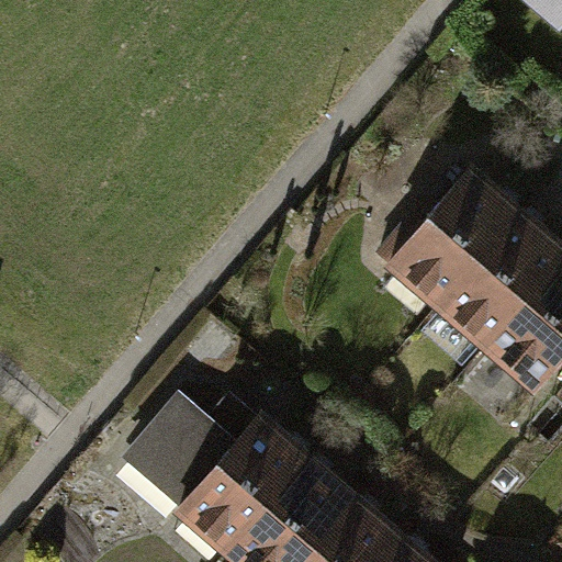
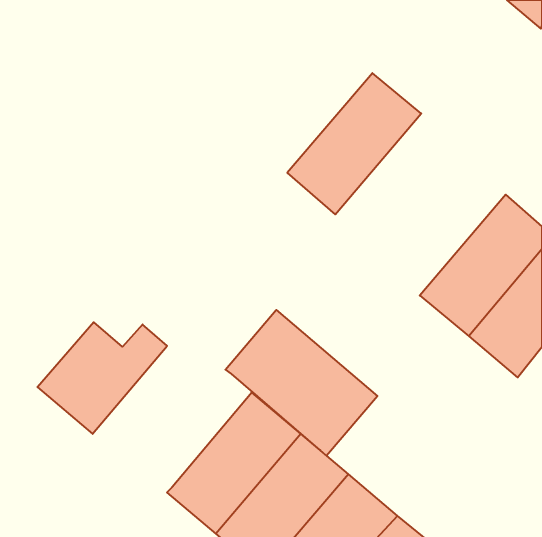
building: [384,166,522,312] -> [287,73,421,214]
building: none -> [225,310,377,456]
building: [121,394,255,509] -> [37,322,167,434]

